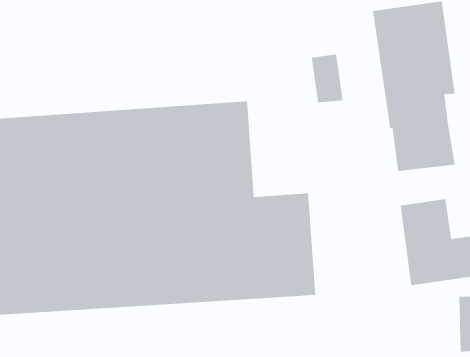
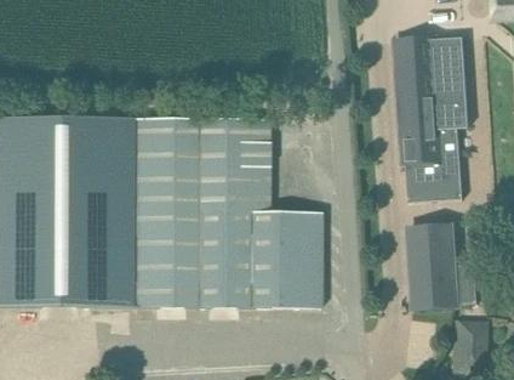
building: [311,54,343,103] -> none

